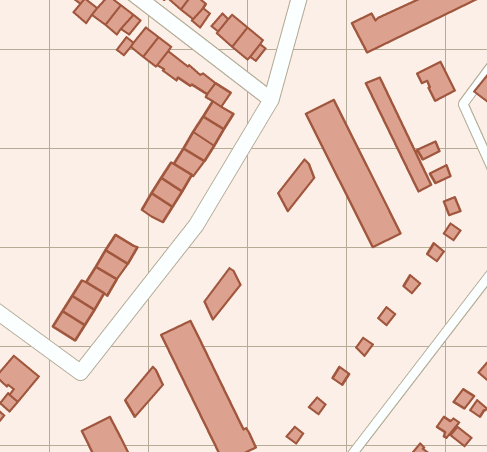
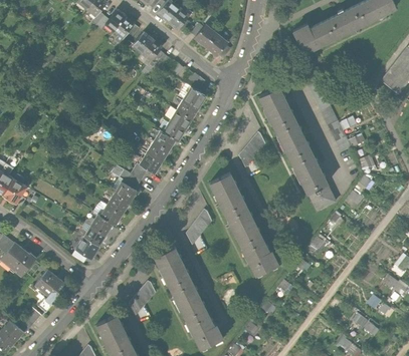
building: [417,62,455,101] -> none
building: none -> [111,162,147,191]
building: none -> [209,171,277,274]
building: none -> [306,182,336,209]

